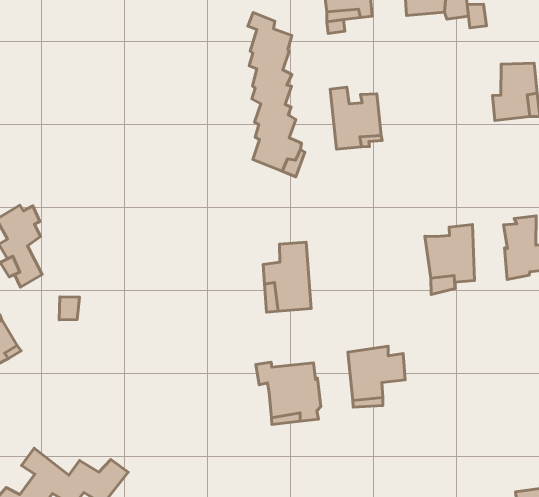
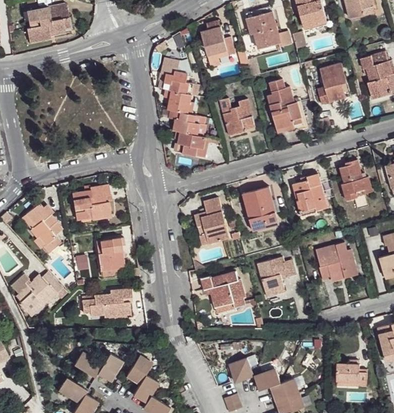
building: none -> [266,79,307,134]
building: none -> [73,186,112,222]
building: none -> [243,188,278,233]
building: none -> [97,237,127,271]
building: none -> [313,239,355,277]
building: none -> [82,287,135,319]

